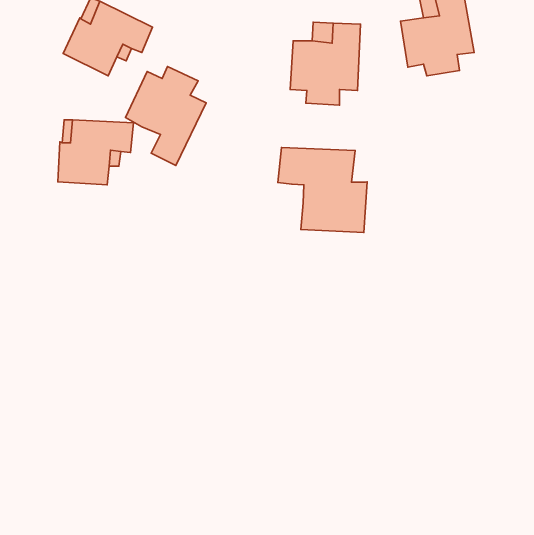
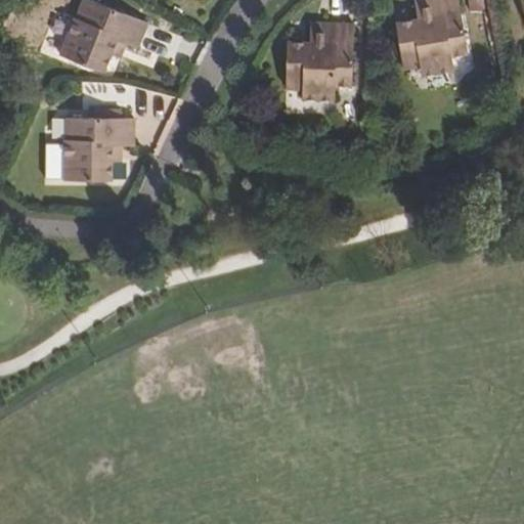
building: [125,67,206,166] -> none
building: [278,148,367,232] -> none

